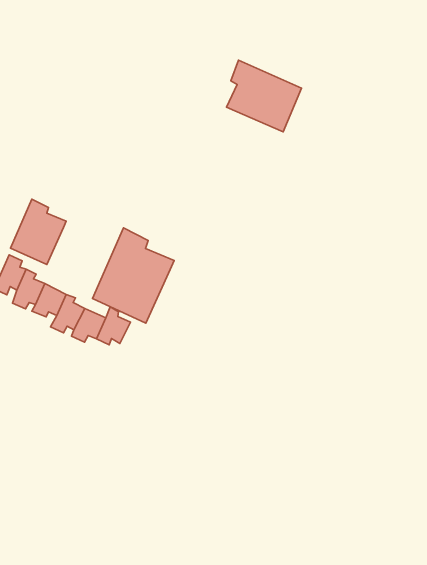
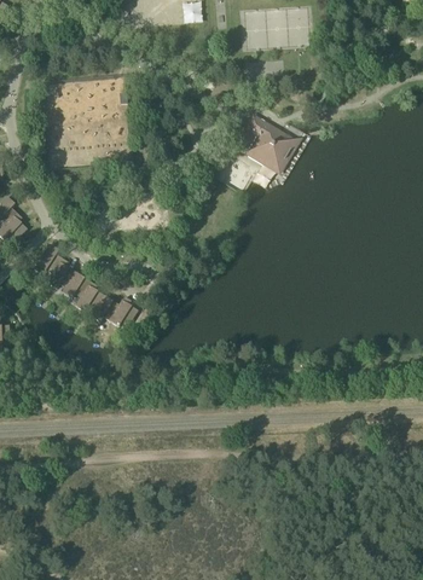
building: [11,199,66,264] -> none
building: [92,228,174,323] -> none

